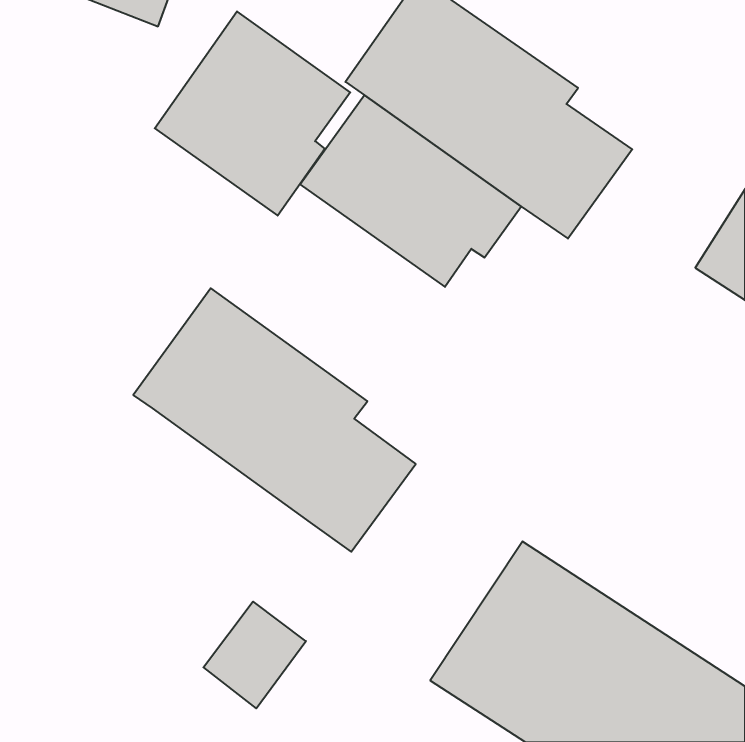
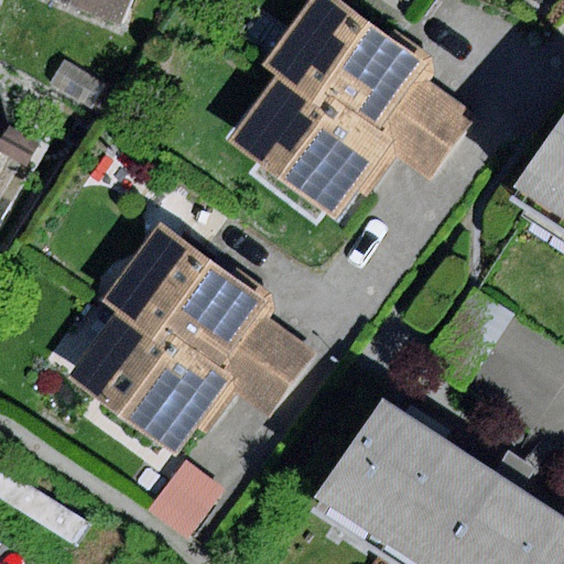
building: [155,11,350,216] -> none
building: none -> [65,307,234,453]

